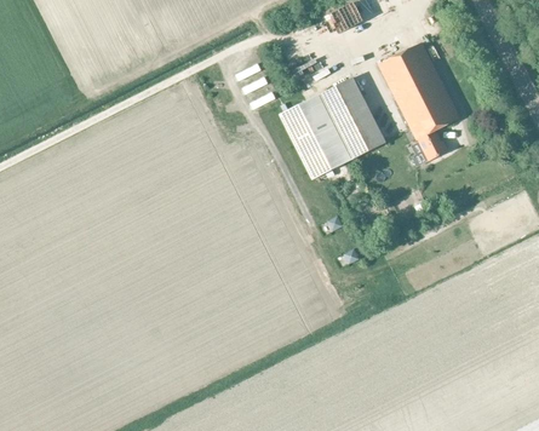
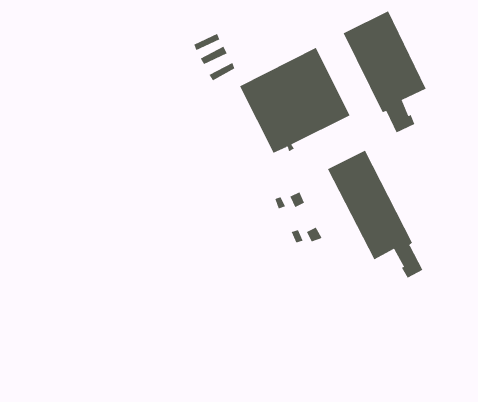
building: none -> [327,150,423,278]

